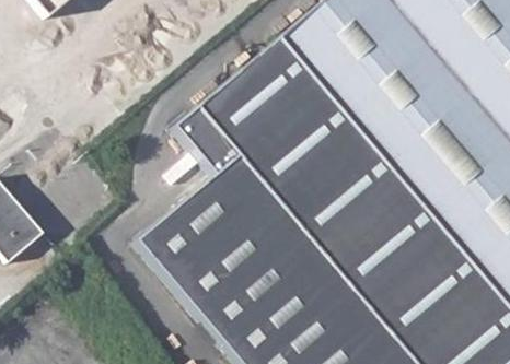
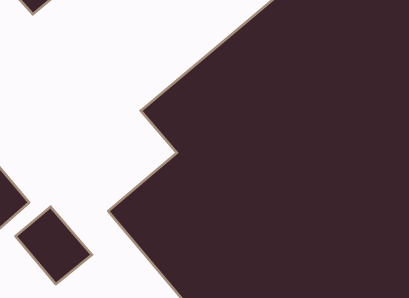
building: none -> [16,207,92,284]

